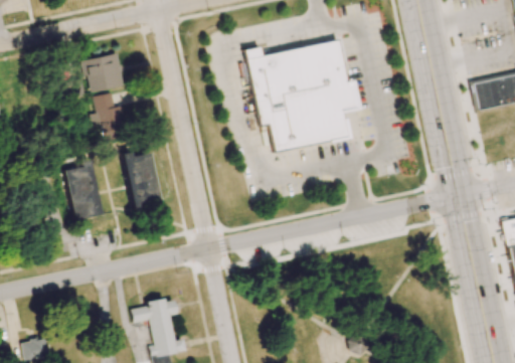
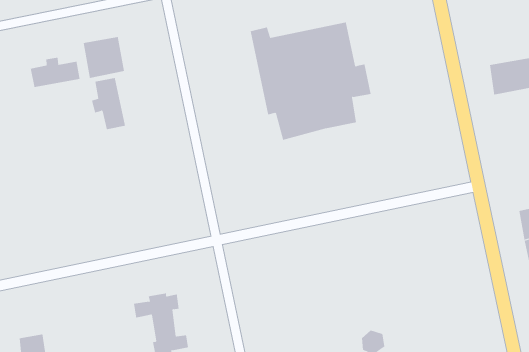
building: none -> [30,57,80,88]
building: [123,150,160,207] -> none
building: [67,163,103,219] -> none

